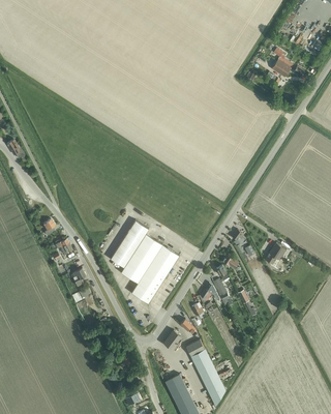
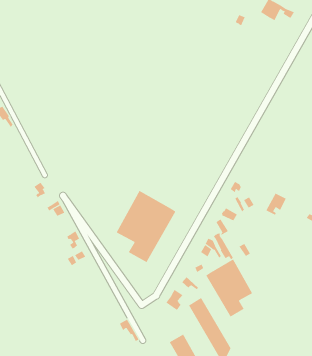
building: [111,220,148,267] -> none
building: none -> [206,259,253,318]

